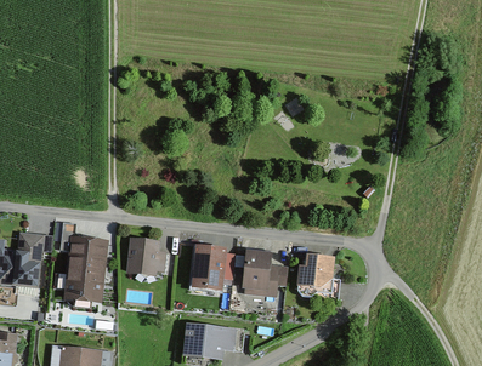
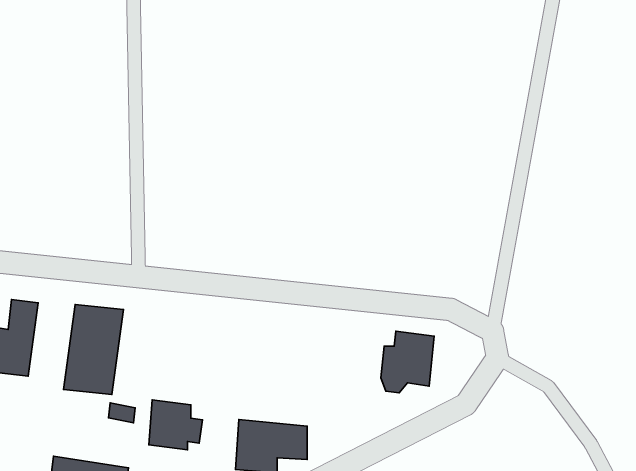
building: [129,238,168,274] -> [149,400,202,450]
building: [188,244,234,290] -> none
building: [244,251,289,293] -> none

